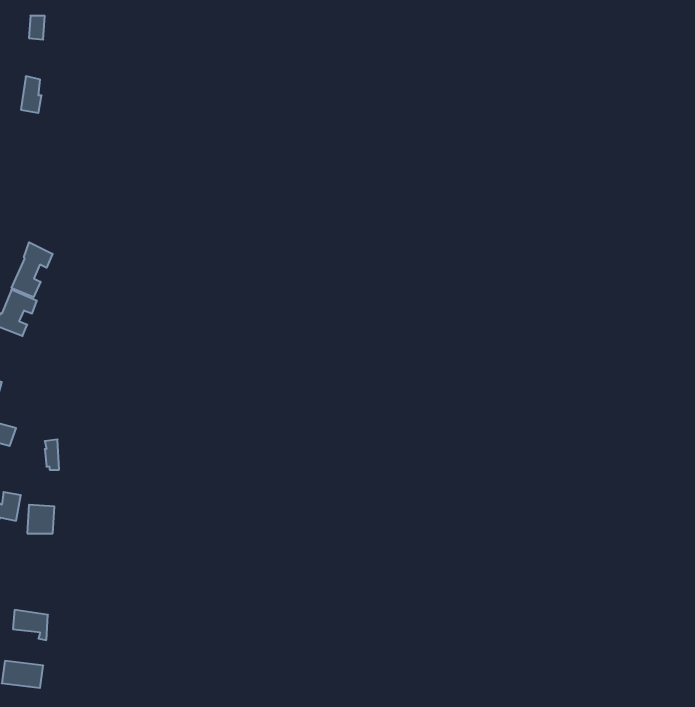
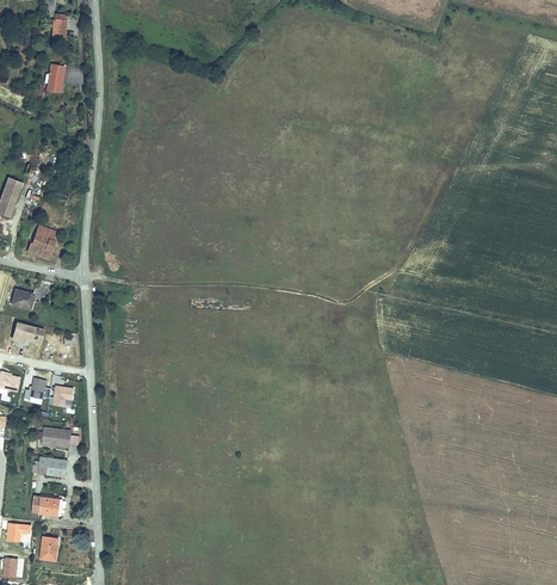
building: [12,242,53,297] -> none
building: none -> [38,431,70,451]

